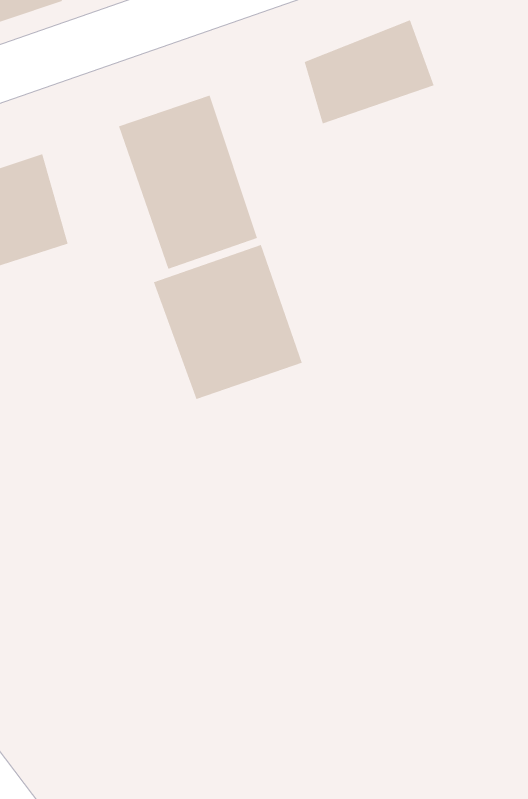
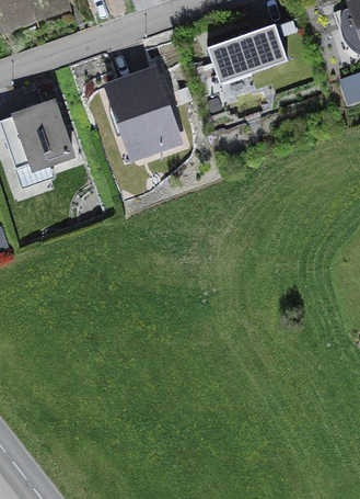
building: [153,244,302,400] -> none

